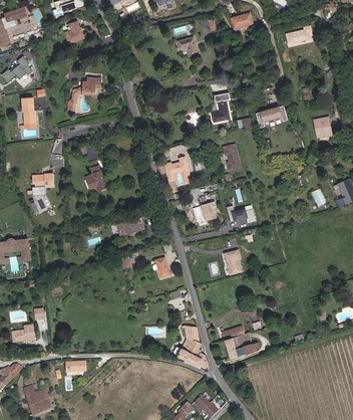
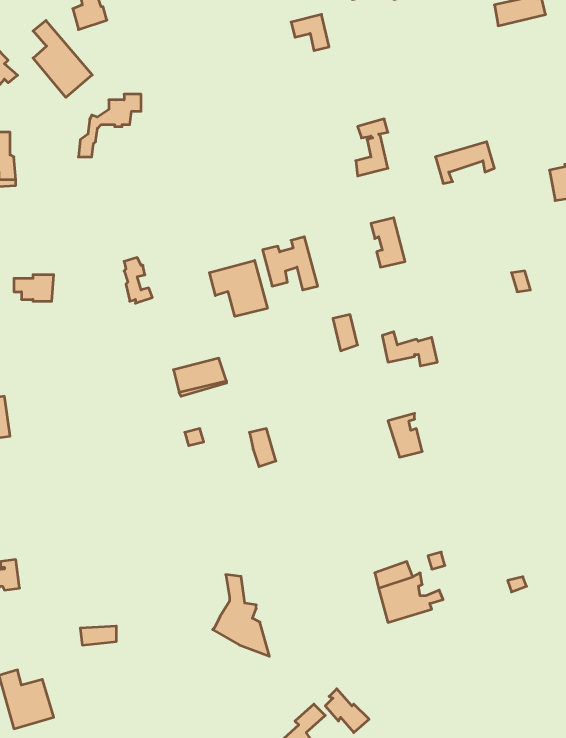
building: none -> [33,20,92,97]
building: none -> [209,260,267,316]
building: [178,326,208,369] -> [213,575,269,656]

